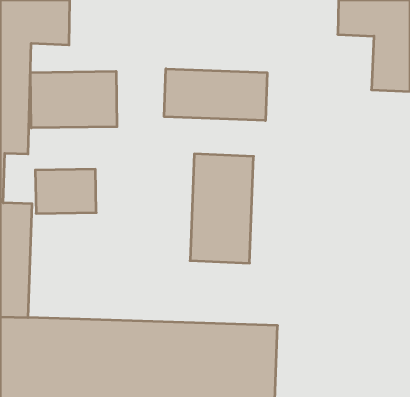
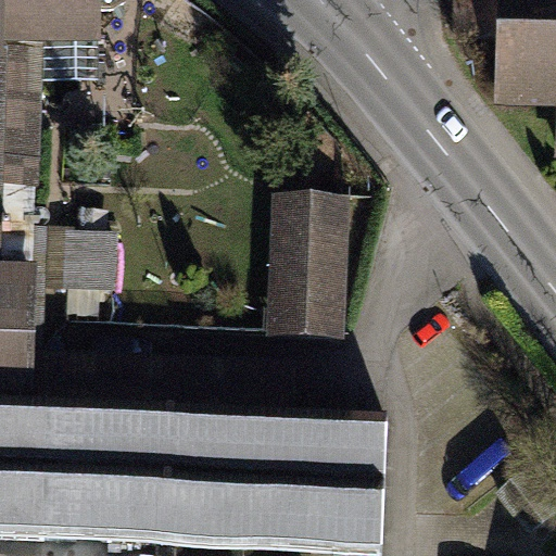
building: [164,69,267,121] -> none
building: [30,71,117,128] -> none

